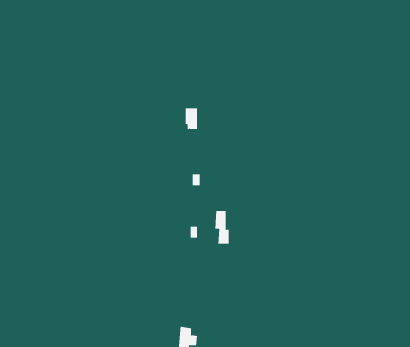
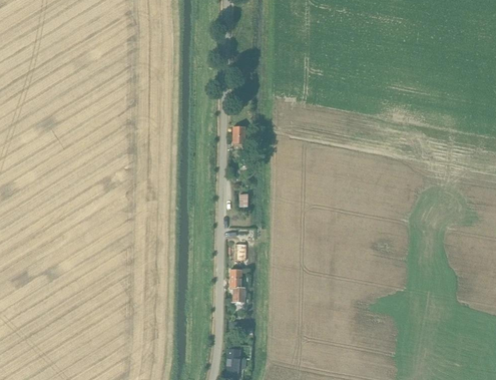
building: [215,211,229,244] -> [229,269,244,303]

